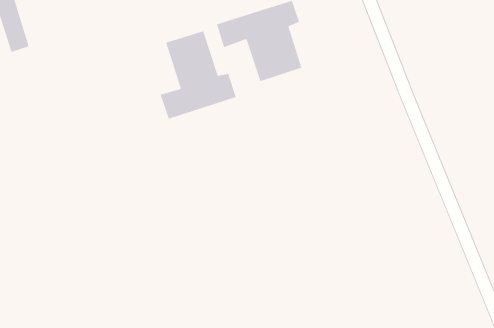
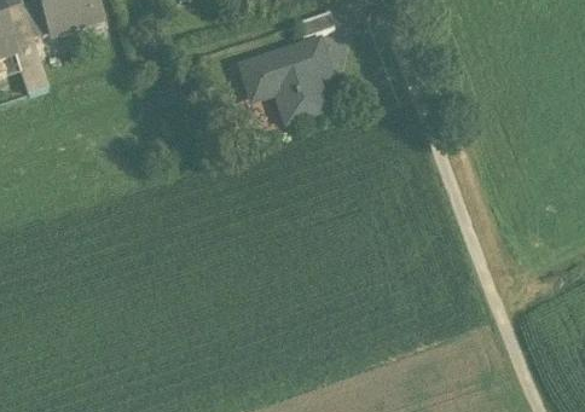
building: [160,31,236,119] -> none

